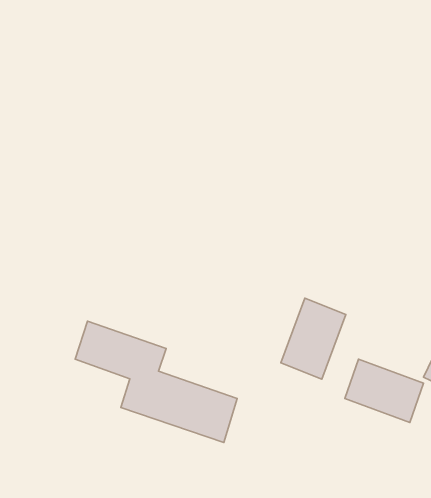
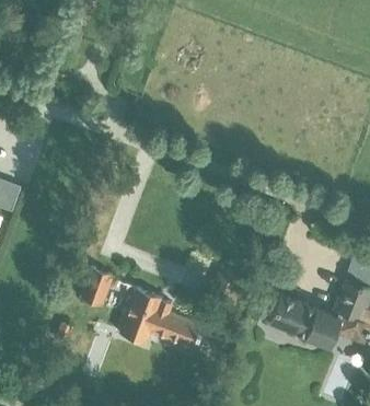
building: [281,298,346,379] -> none

